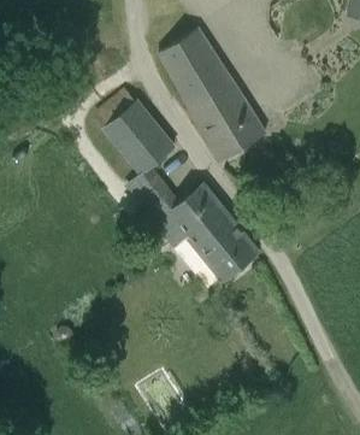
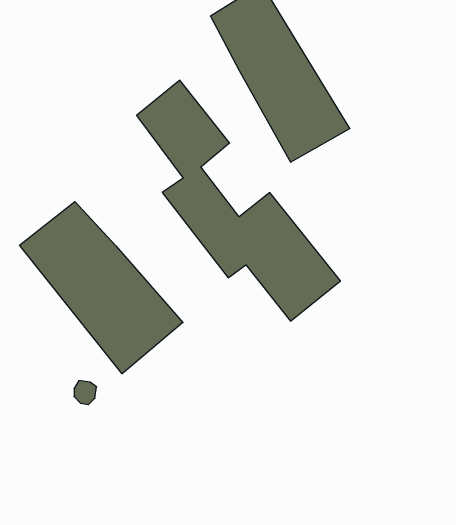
building: none -> [20,202,183,374]

